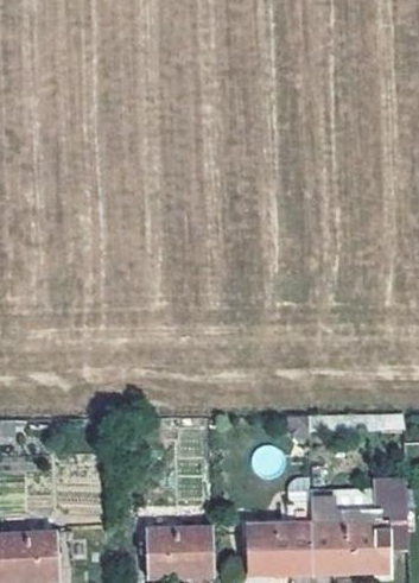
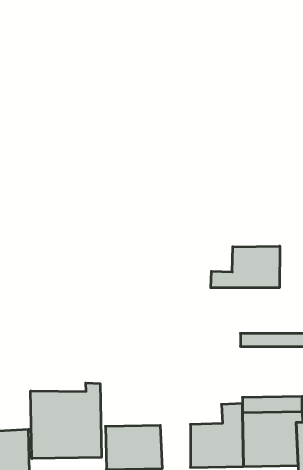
building: none -> [211,246,280,288]
building: none -> [31,383,101,459]

